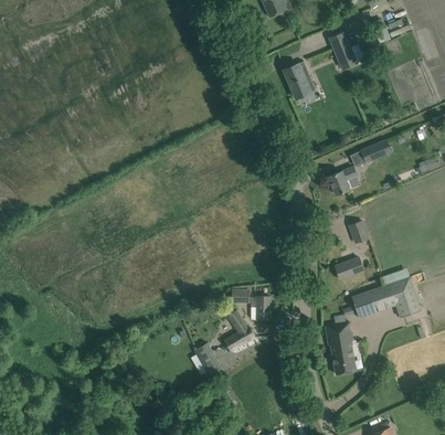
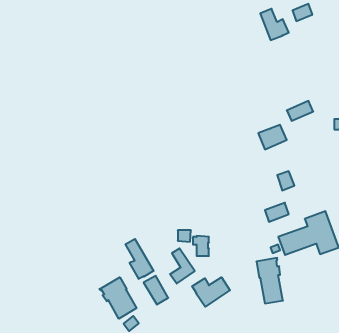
building: [283,61,315,98] -> none
building: none -> [126,239,154,279]
building: none -> [99,277,136,319]
building: none -> [192,277,230,307]

